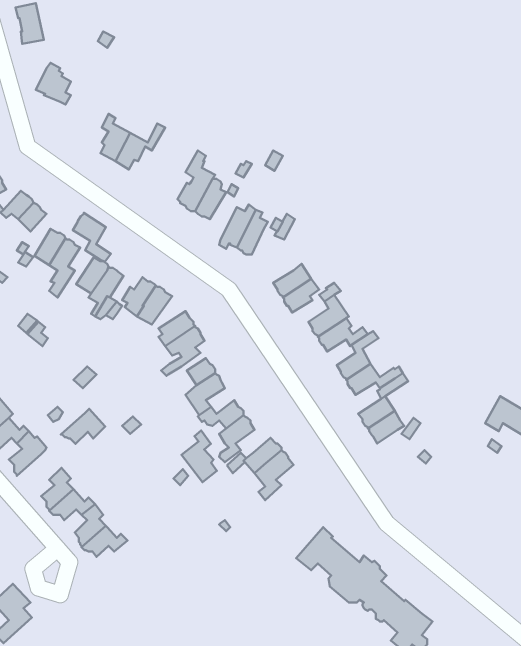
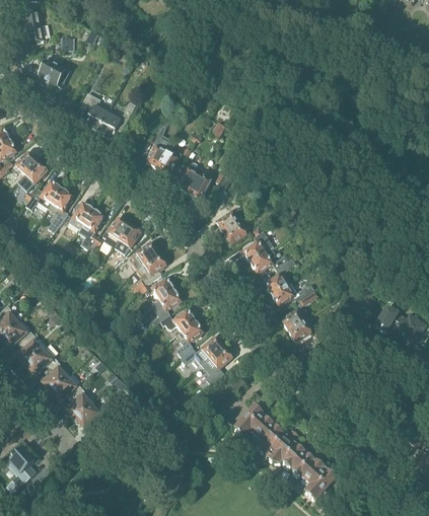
building: [73,213,111,262] -> none
building: [61,409,105,444] -> [24,347,58,373]
building: [181,431,217,482] -> none

